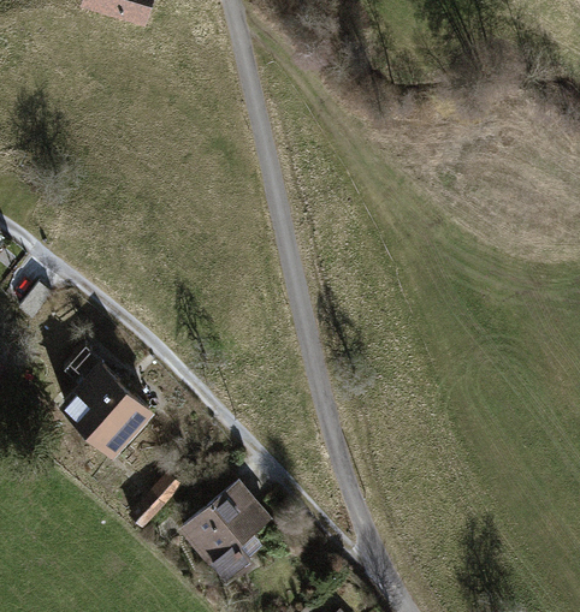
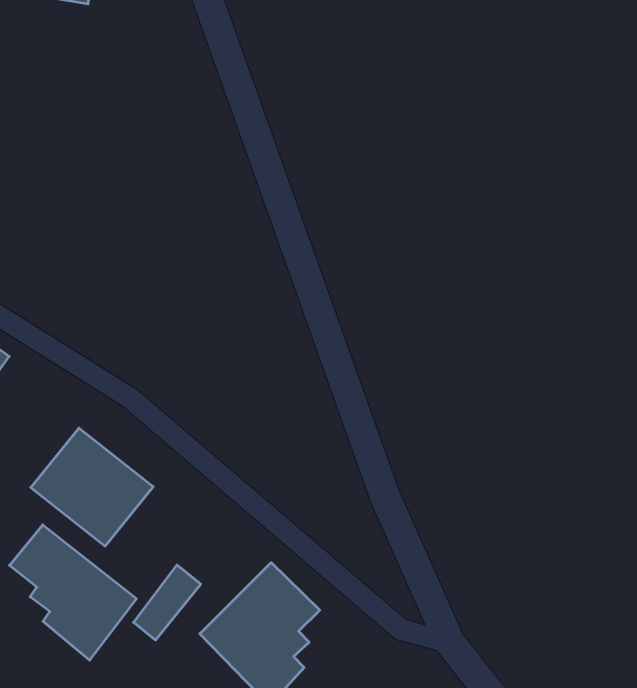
building: none -> [9,525,136,660]

